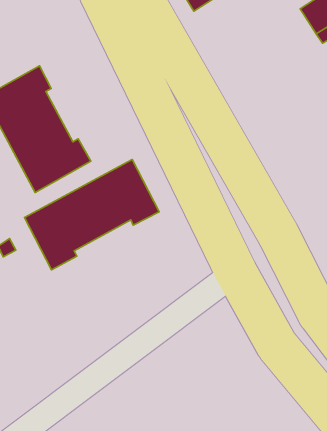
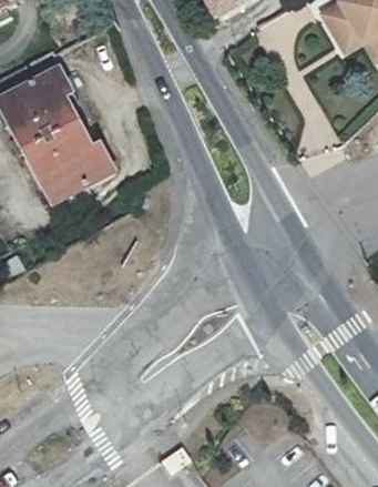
building: [25,160,159,270] -> none

